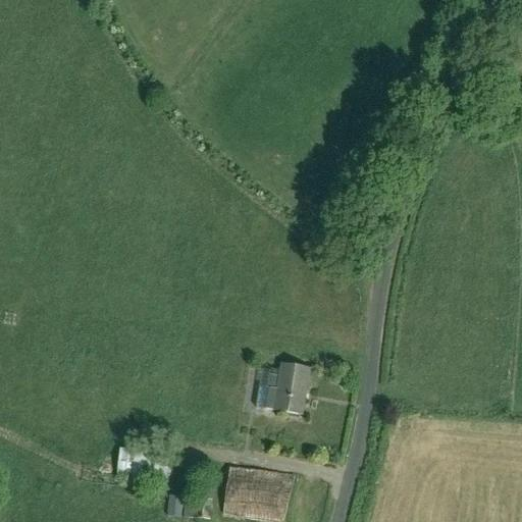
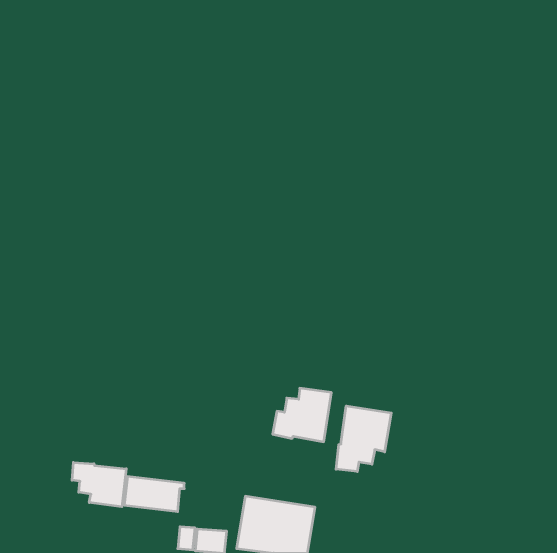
building: none -> [336,406,391,472]
building: none -> [72,462,126,507]

